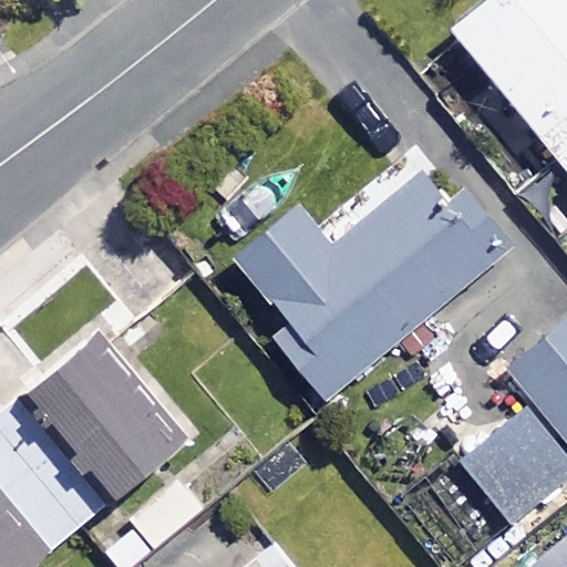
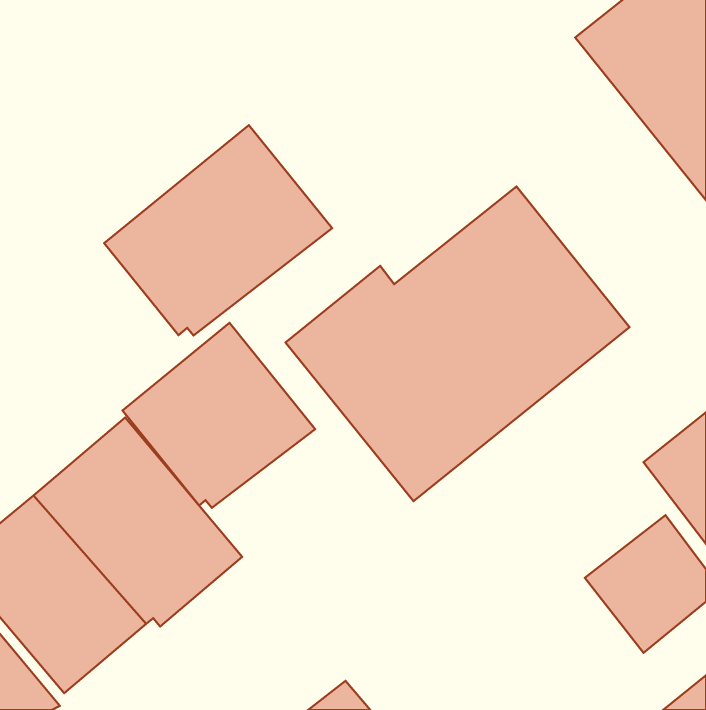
building: none -> [104,125,332,335]
building: none -> [122,323,315,508]

